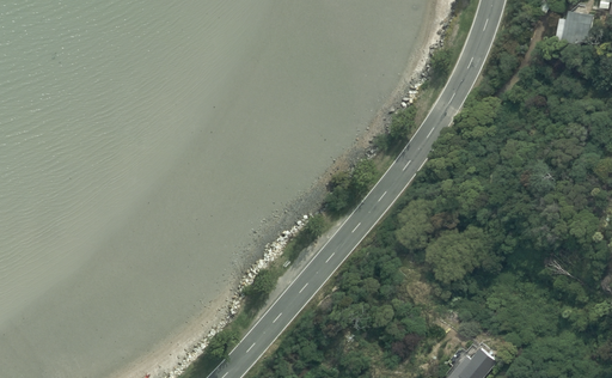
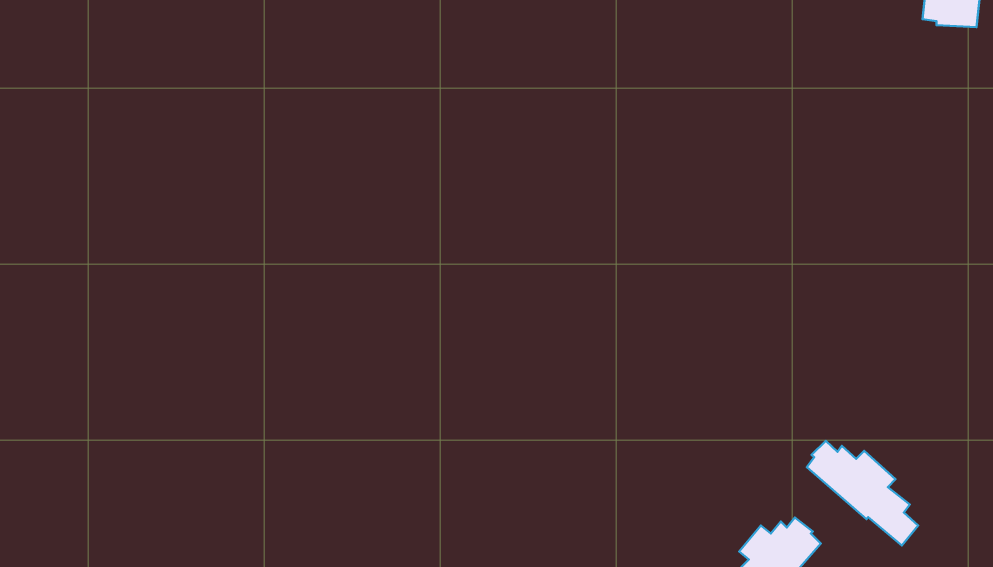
building: none -> [807,441,918,546]

